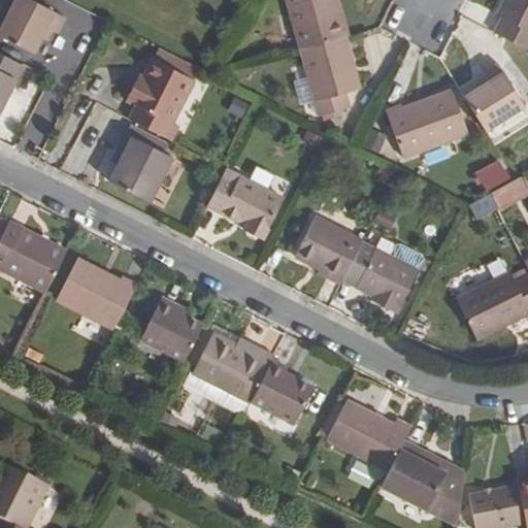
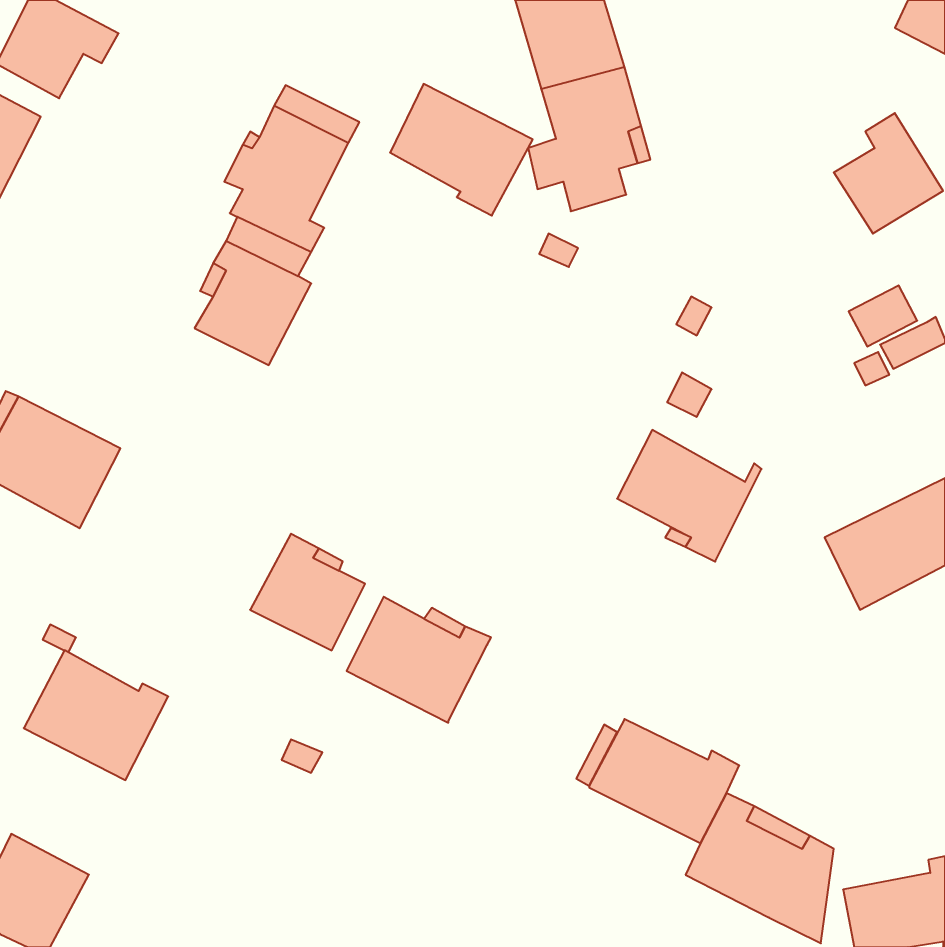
building: [387,90,468,157] -> none
building: [206,167,286,240] -> [390,84,533,216]
building: [295,216,363,285] -> none
building: [56,258,136,330] -> [24,650,168,780]
building: [250,359,314,424] -> none

